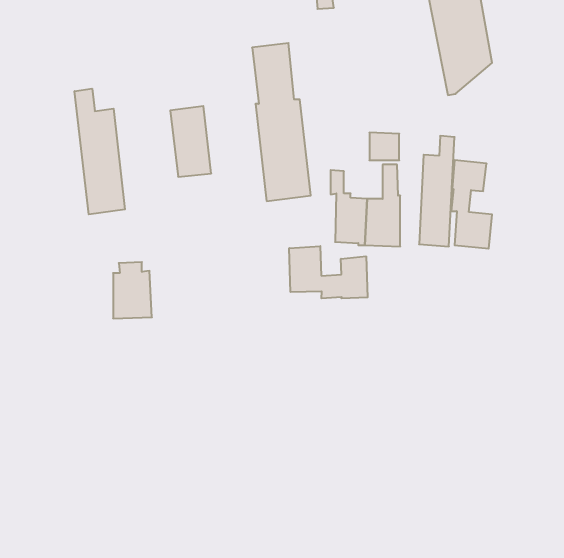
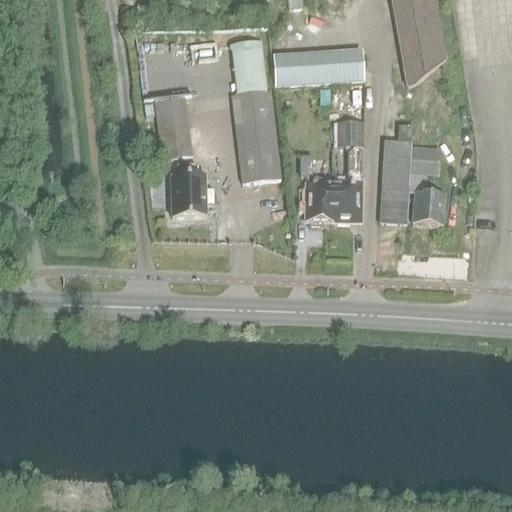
building: none -> [273,49,362,86]
building: [75,89,125,214] -> none
building: [289,246,368,298] -> none
building: [113,262,152,318] -> [171,165,206,216]

